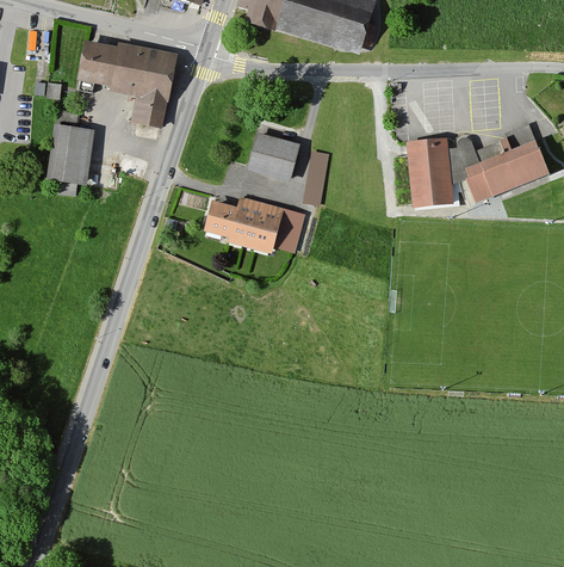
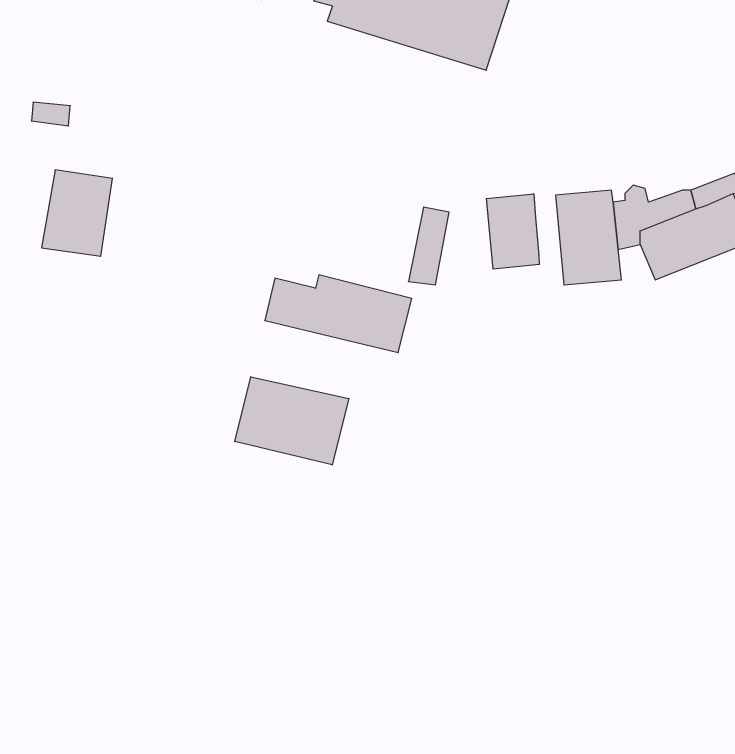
building: [78,43,178,128] -> none
building: [247,134,298,177] -> none
building: none -> [486,194,539,269]
building: none -> [235,377,349,465]

